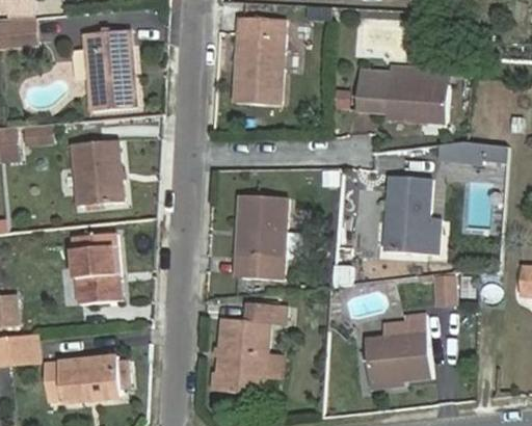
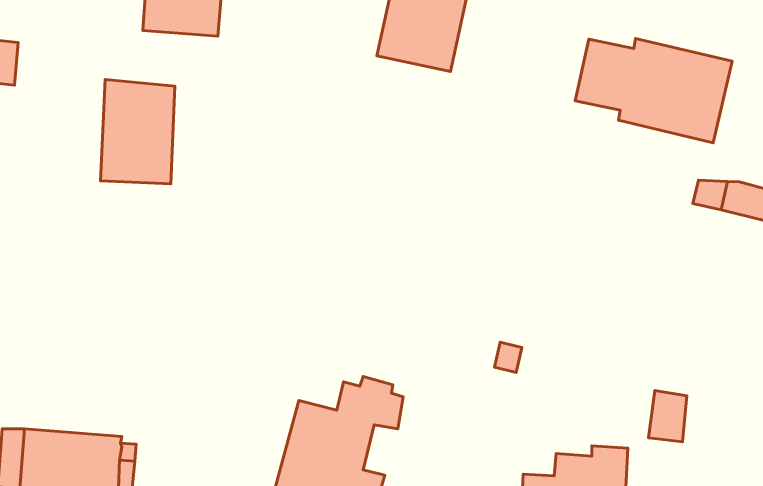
building: [382,180,441,255] -> none
building: [237,195,285,279] -> none
building: [73,234,123,303] -> none

